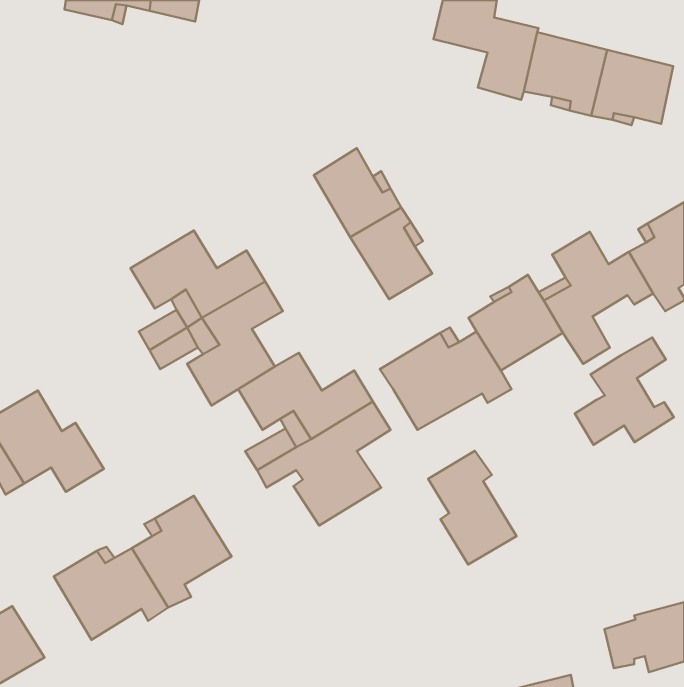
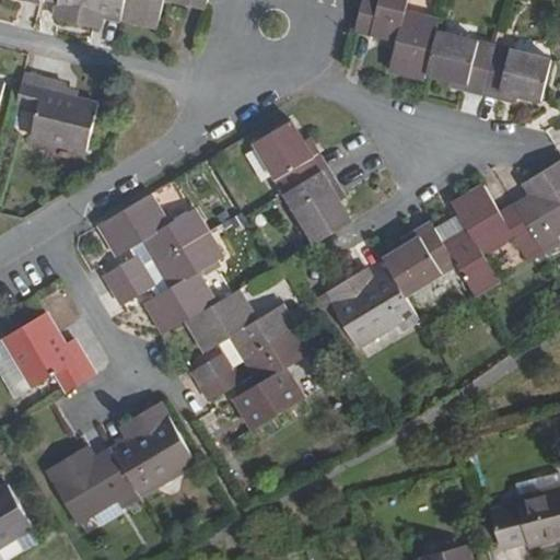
building: none -> [14,74,97,149]
building: [575,337,674,445] -> none
building: [428,451,517,564] -> none

